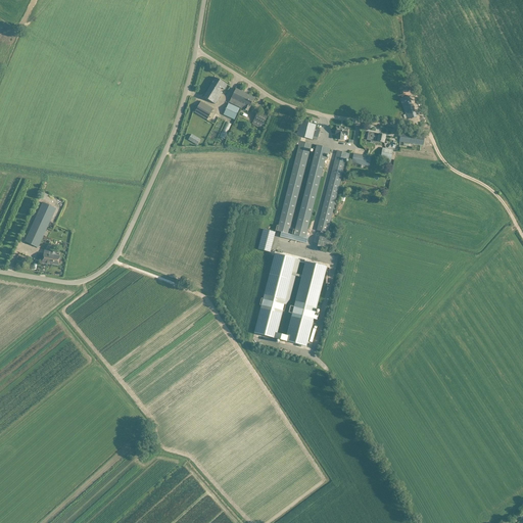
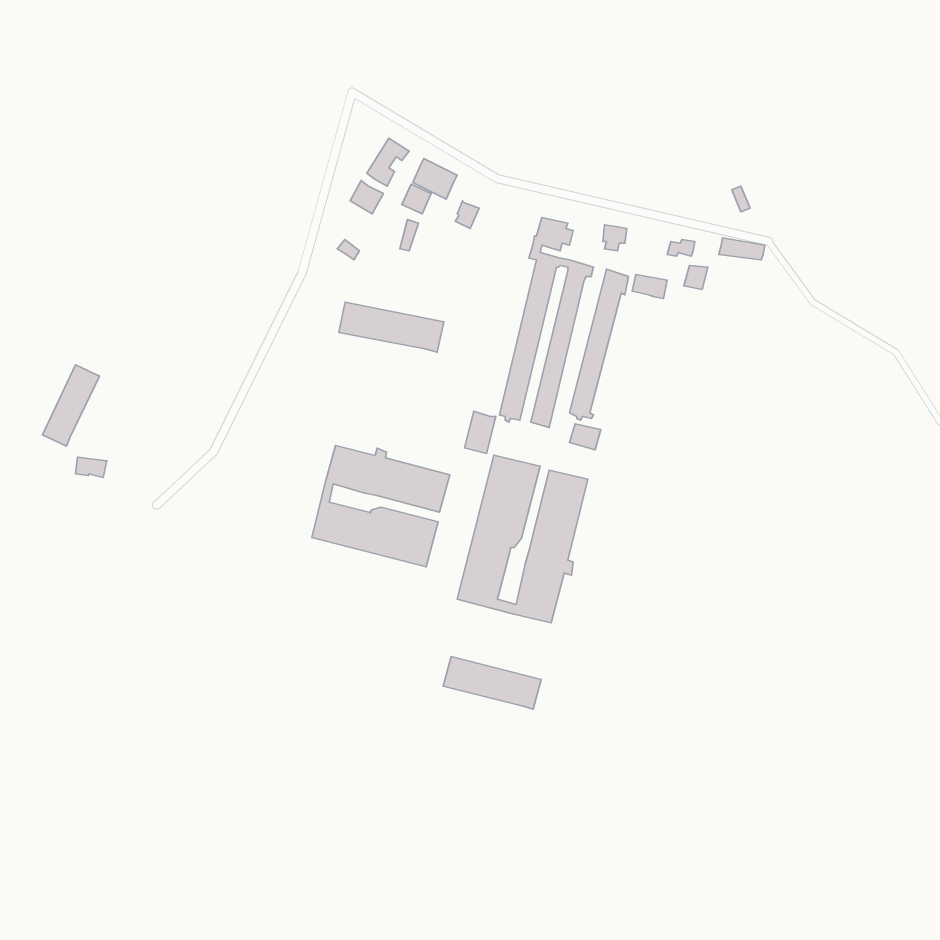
building: none -> [339,302,444,352]
building: none -> [312,445,450,567]
building: none -> [443,656,541,709]

